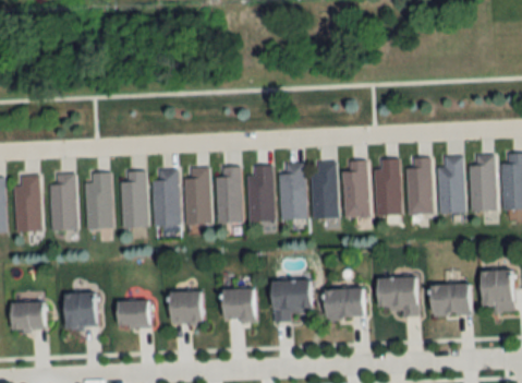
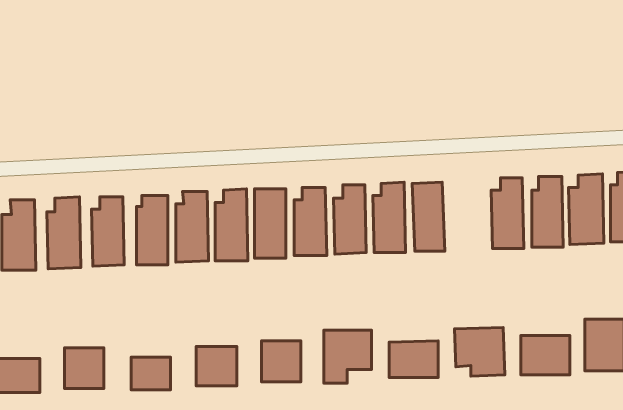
building: [375,158,401,215] -> none

